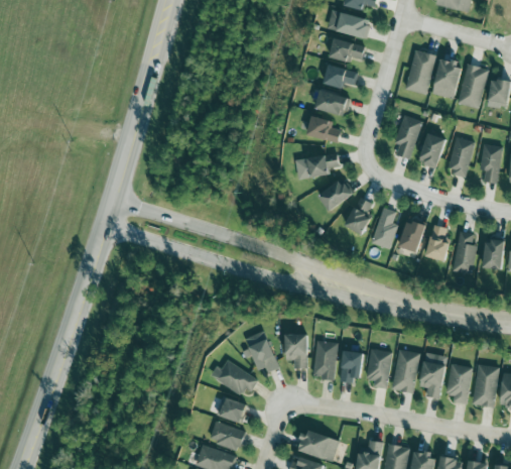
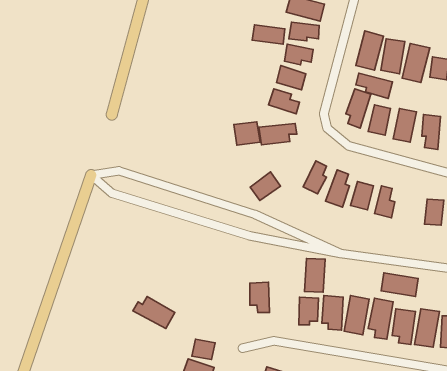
building: none -> [252,25,285,44]
building: none -> [356,73,392,98]
building: none -> [234,122,260,145]
building: [318,179,353,211] -> [250,172,280,200]
building: [453,231,476,274] -> none
building: none -> [381,273,418,297]
building: [245,331,278,373] -> none
building: [313,341,337,379] -> [305,258,325,292]
building: [211,360,258,396] -> [133,296,175,328]

